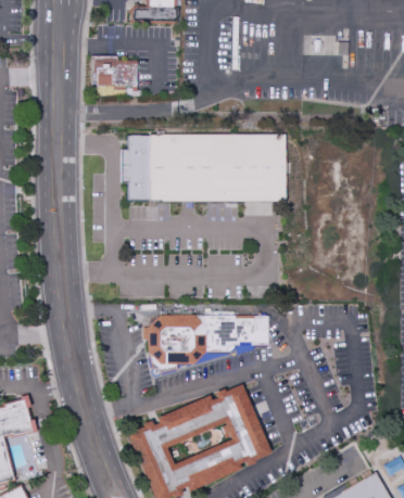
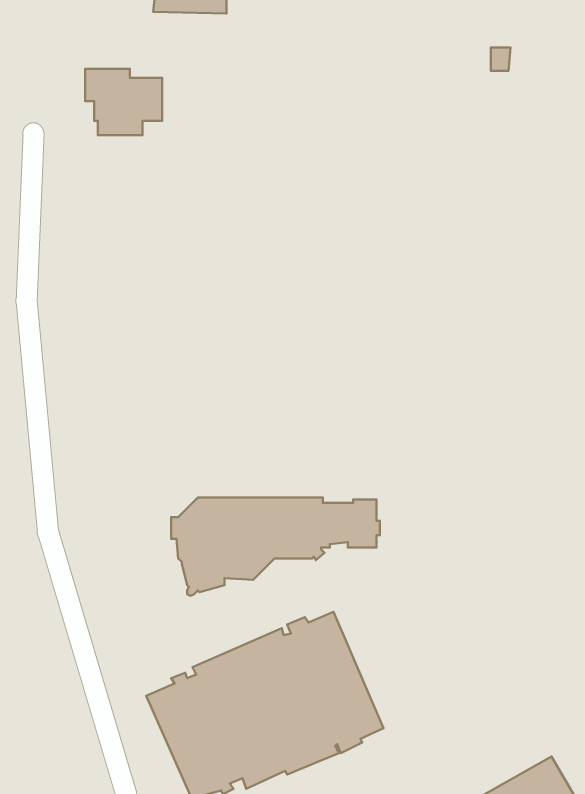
building: [122,135,286,201] -> none

